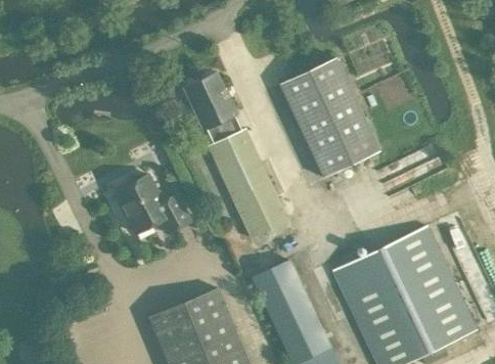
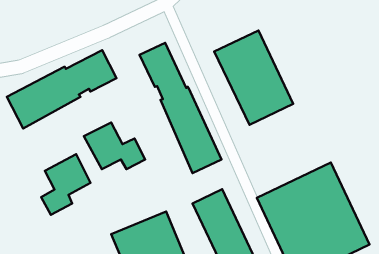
building: none -> [7,50,117,129]
building: none -> [41,154,91,215]

